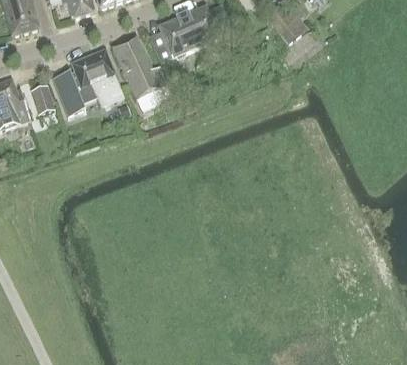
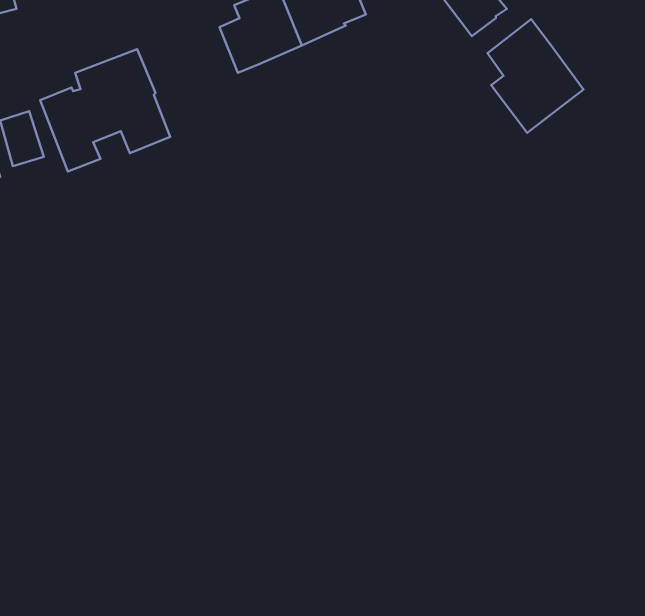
building: none -> [487,19,584,133]
building: [112,35,167,98] -> none

